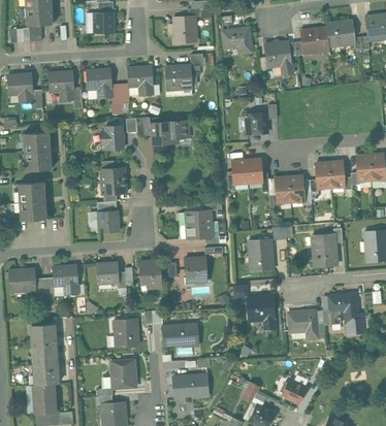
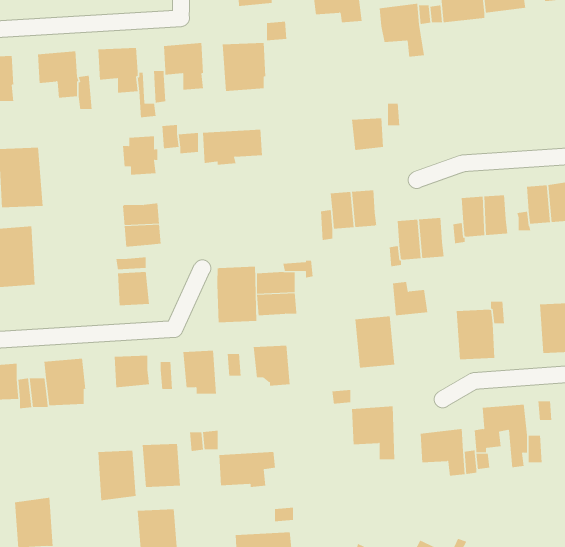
building: none -> [217,266,257,323]
building: [31,324,56,356] -> [97,450,137,501]

